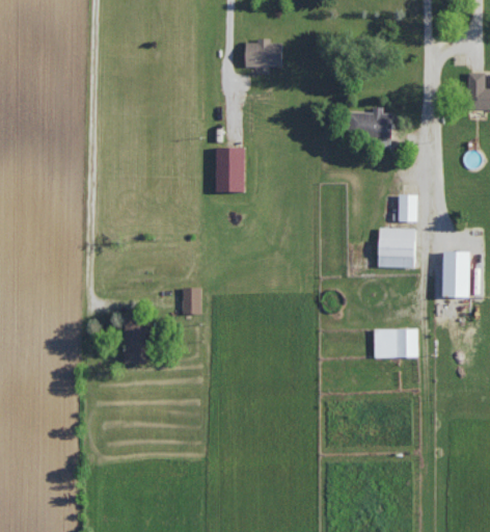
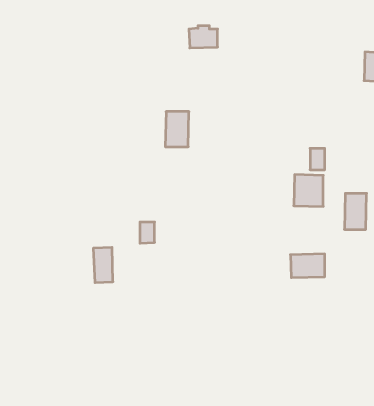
building: [348,106,393,137] -> none

